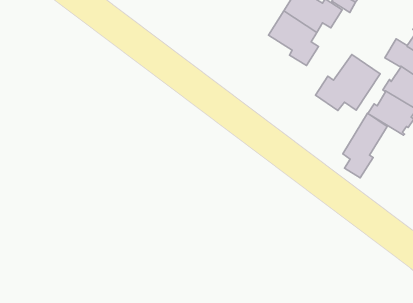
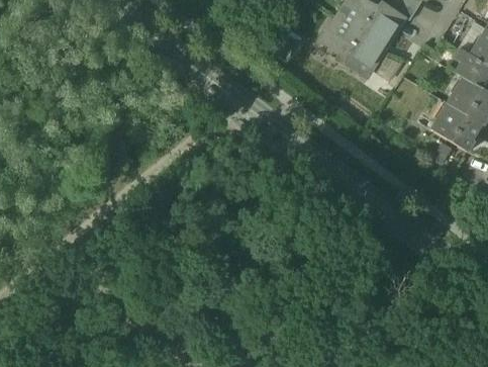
building: [315,54,380,110] -> none
building: [343,113,387,178] -> none

